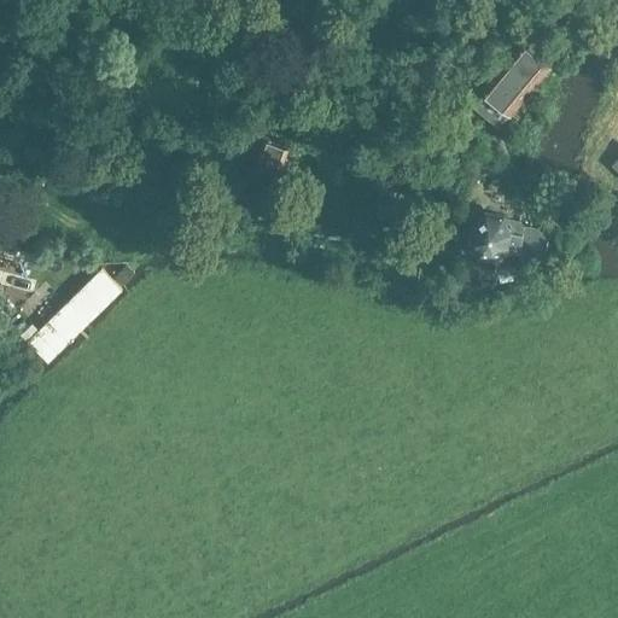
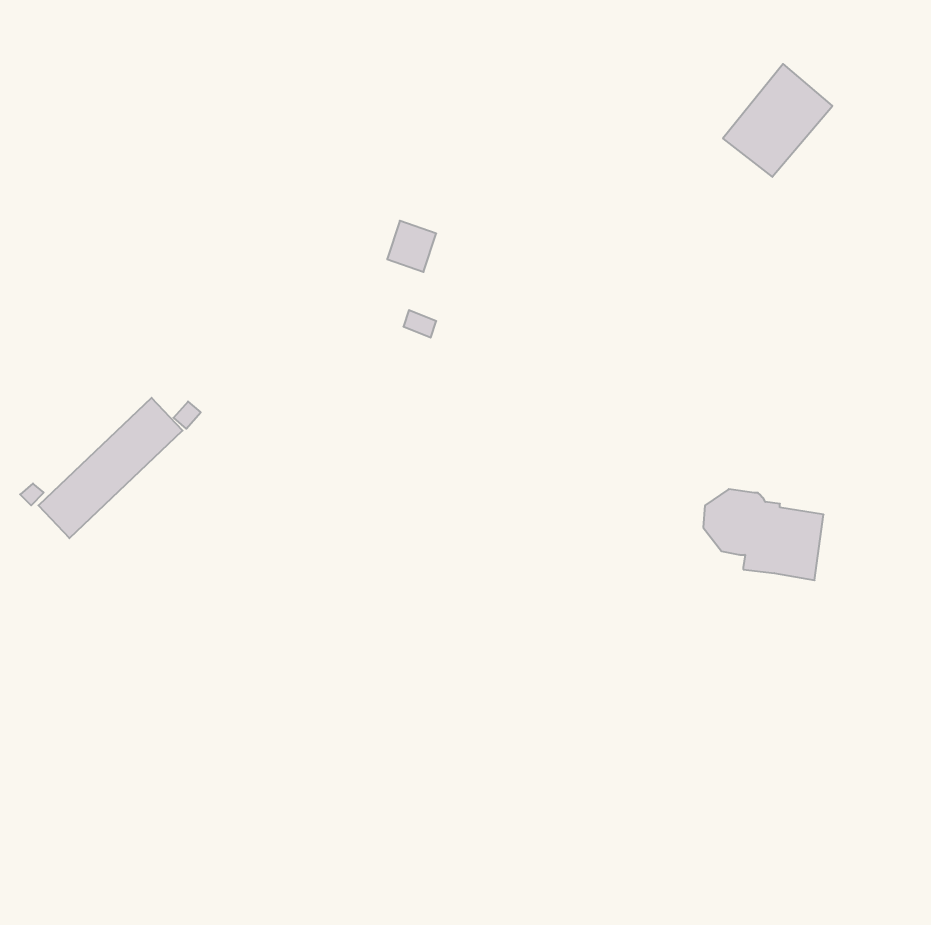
building: [470,220,549,280] -> [703,489,824,580]

